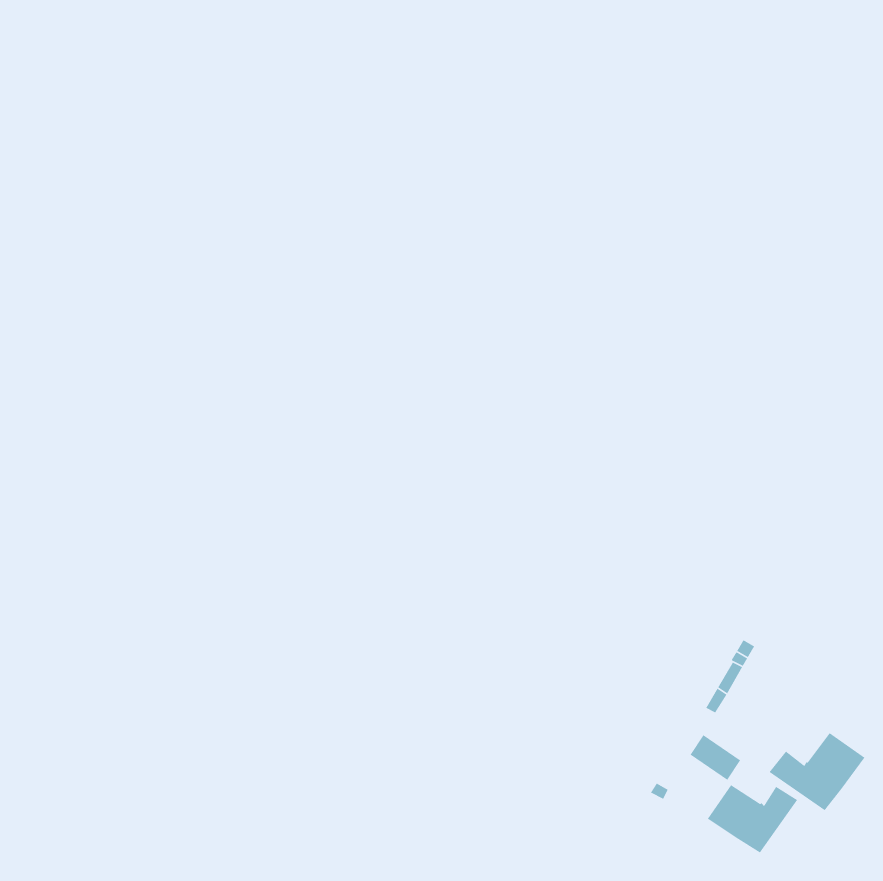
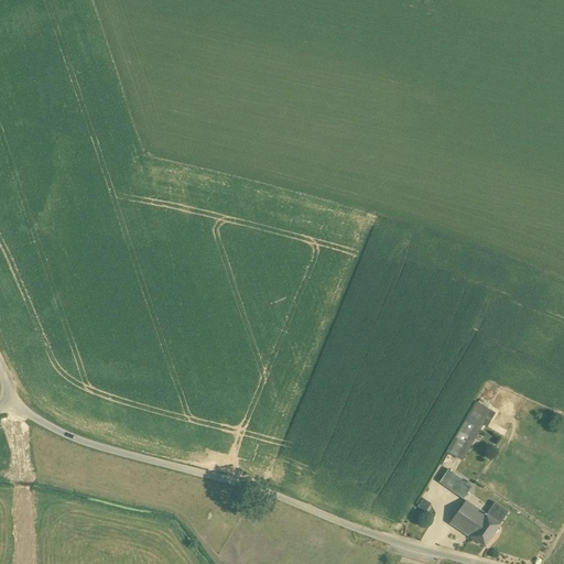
building: [768,732,865,811] -> none

